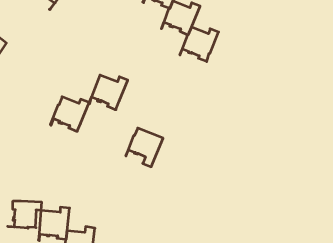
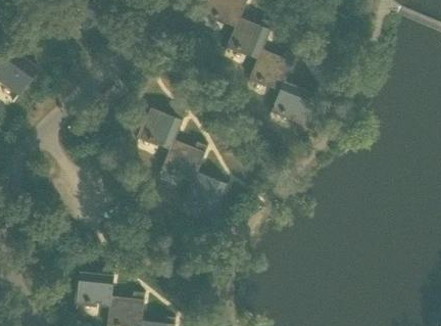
building: none -> [268,83,314,131]
building: [50,97,89,131] -> [159,141,206,183]
building: [8,201,41,228] -> none

